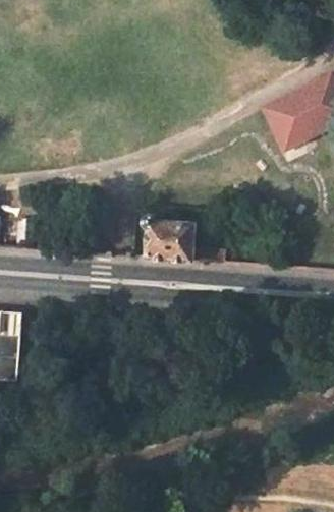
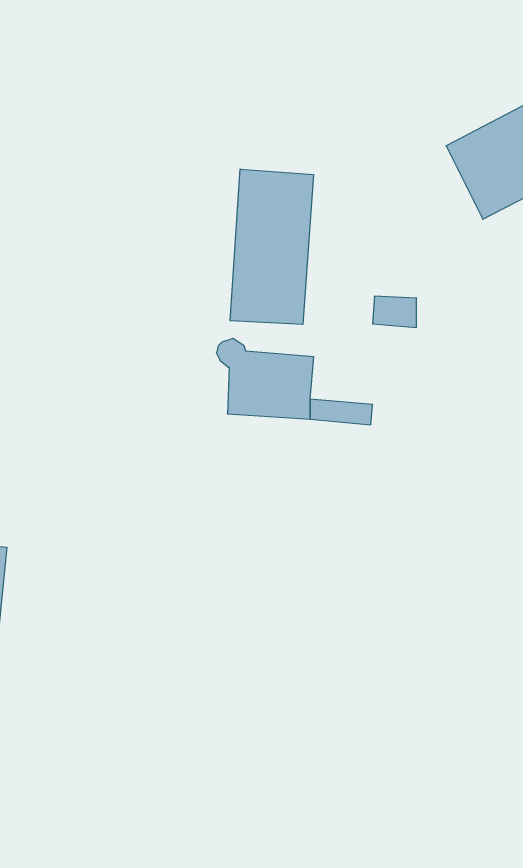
building: none -> [230,169,313,324]

